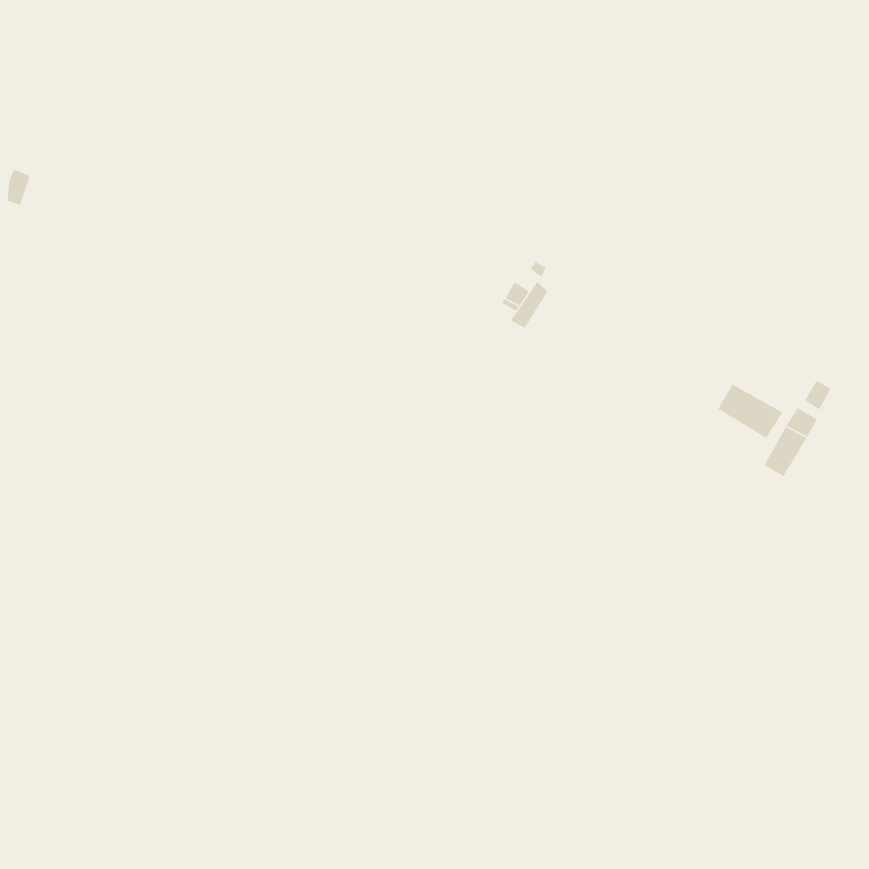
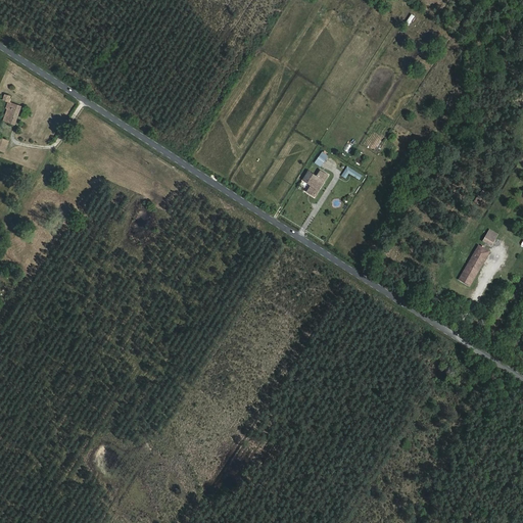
building: [717,383,783,439] -> none

